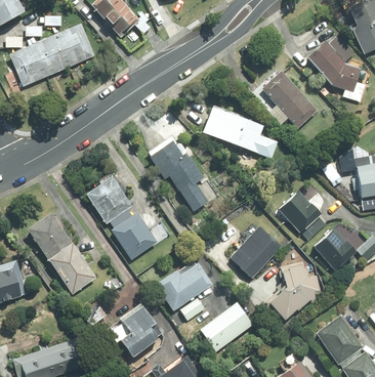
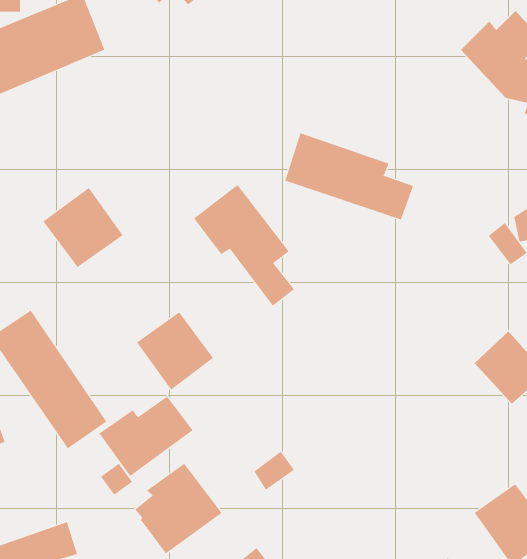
building: [262,74,316,127] -> none
building: [85,174,133,222] -> [43,187,124,268]
building: [281,190,330,239] -> none
building: [230,225,282,278] -> none
building: [157,262,213,310] -> [99,396,193,477]
building: [268,262,321,320] -> none
building: [201,301,253,351] -> none

